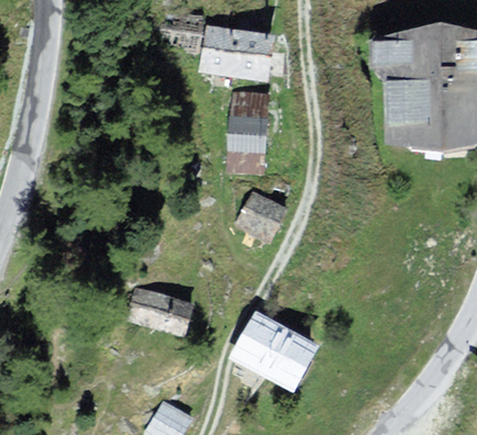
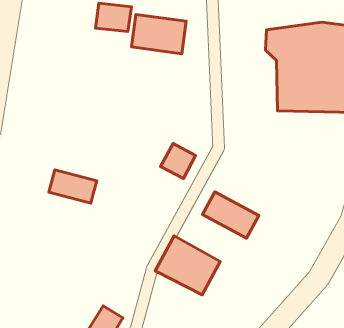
building: [230,93,266,169] -> none
building: none -> [203,192,259,238]
building: [130,289,191,332] -> [49,170,97,203]

